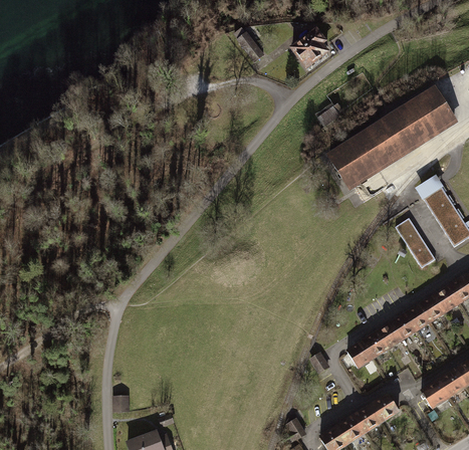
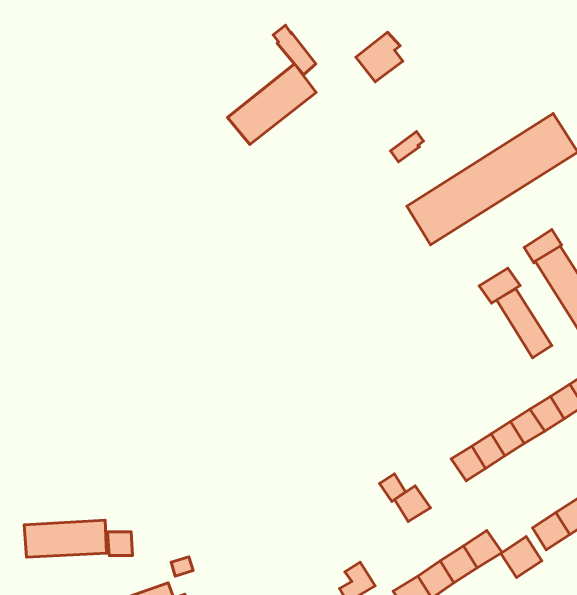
building: none -> [228,64,316,144]
building: none -> [479,268,520,303]
building: [347,342,374,368] -> [395,486,430,522]
building: none -> [24,520,106,557]
building: none -> [501,536,542,578]

